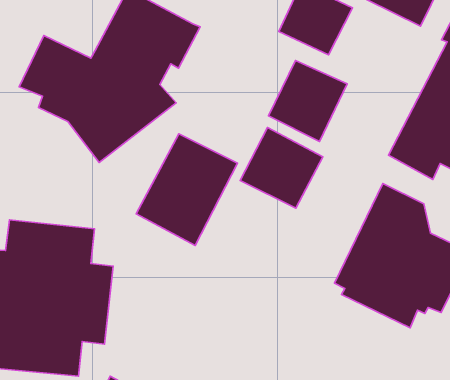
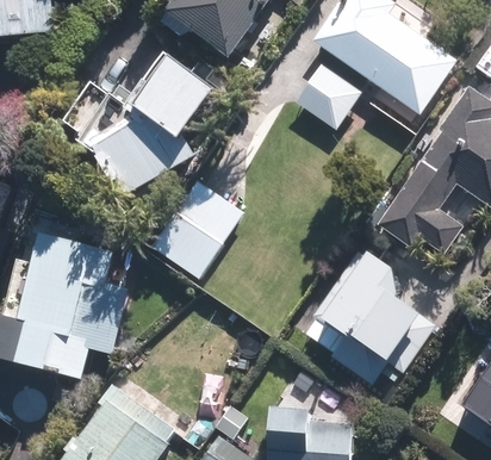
building: [269,60,347,141] -> none
building: [240,128,323,208] -> none

